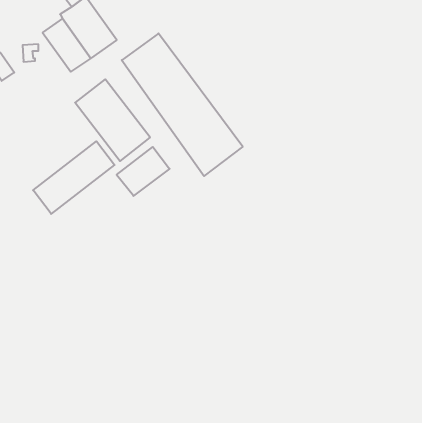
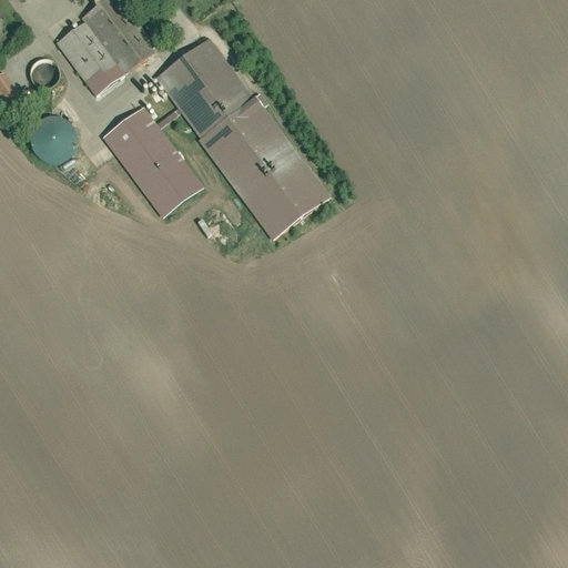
building: none -> [29,115,78,164]
building: [33,141,115,214] -> none
building: [117,147,170,196] -> none

